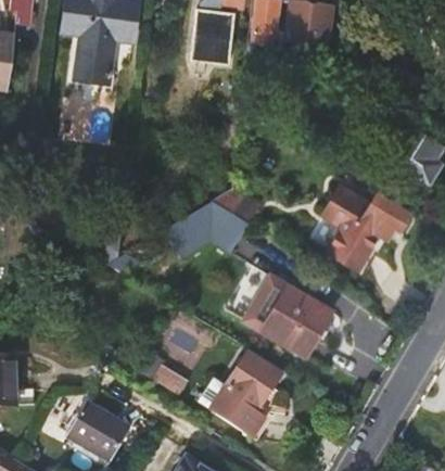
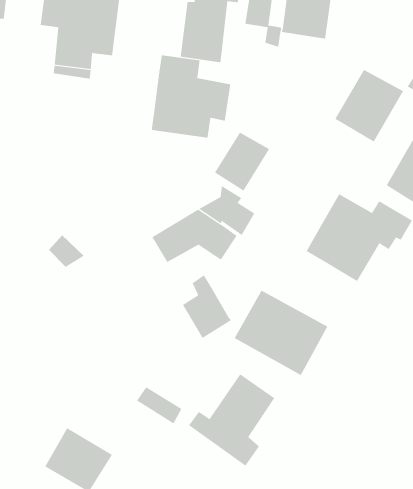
building: none -> [151,55,231,139]
building: none -> [335,69,404,143]
building: none -> [214,132,270,191]
building: none -> [182,275,232,339]

